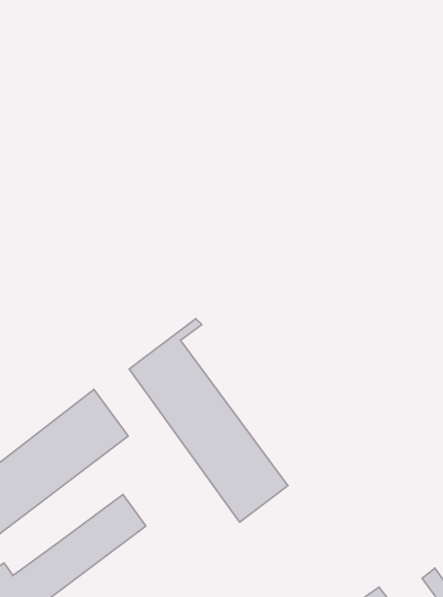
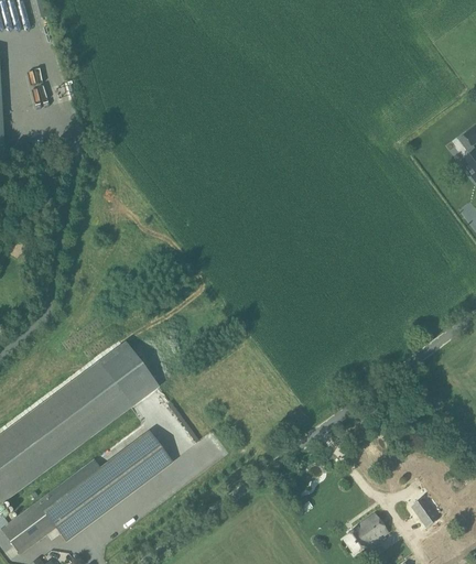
building: [129,319,288,522] -> none

